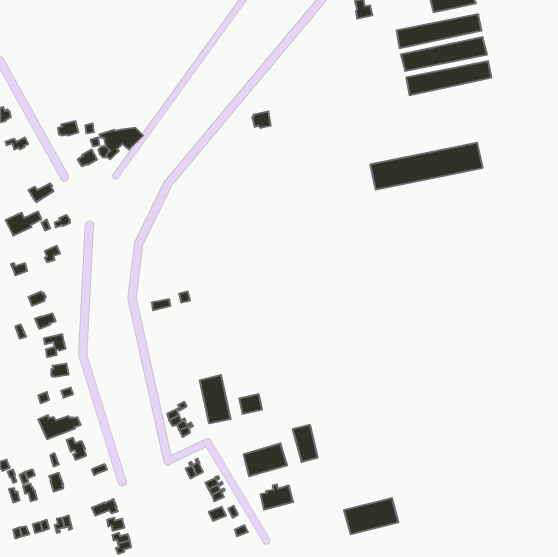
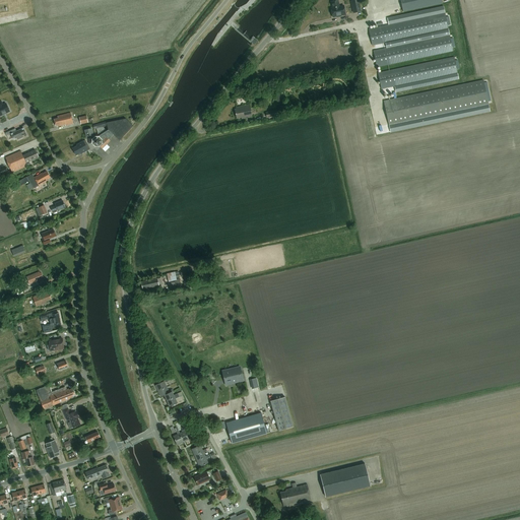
building: [370,143,483,190] -> [384,80,489,124]
building: [5,212,41,236] -> [5,149,39,172]
building: [200,375,231,423] -> none
building: [261,484,293,510] -> [280,482,311,506]

